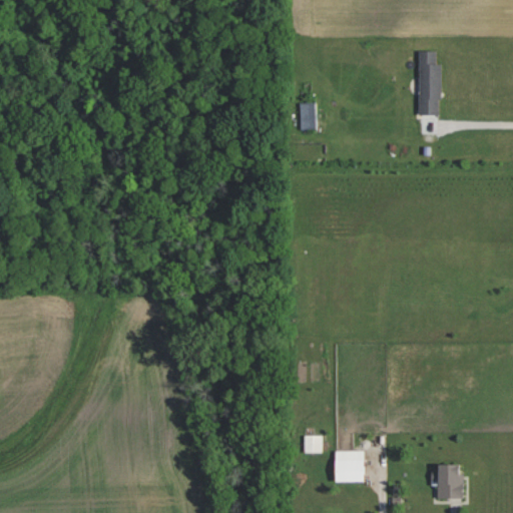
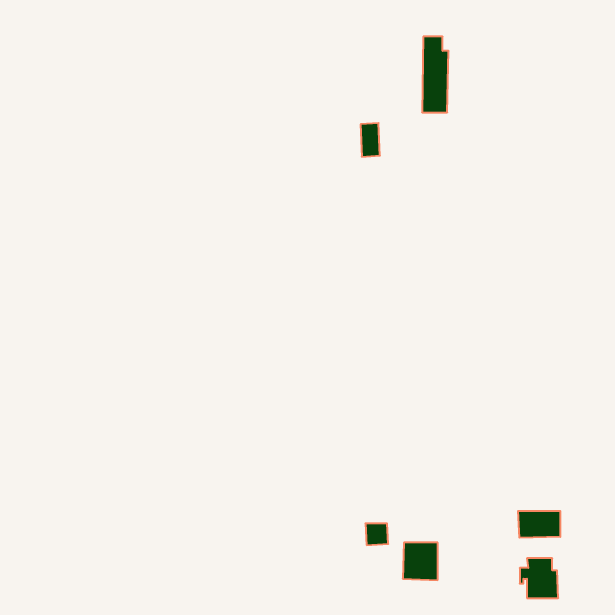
building: [419,52,441,115] -> [422,37,449,112]
building: none -> [518,511,560,538]

